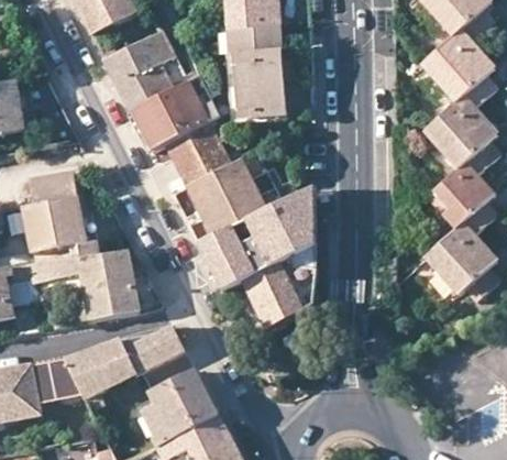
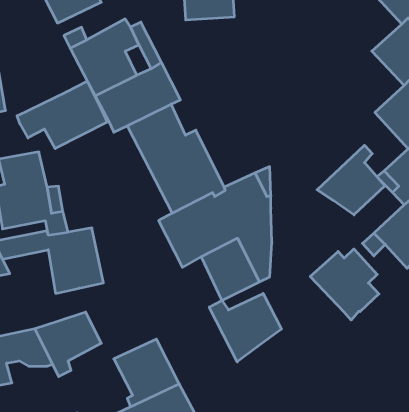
building: [225,28,285,118] -> none
building: none -> [17,81,107,149]
building: none -> [317,145,385,215]
building: none -> [310,249,379,320]
building: none -> [209,293,281,362]
building: [120,322,185,373] -> none

